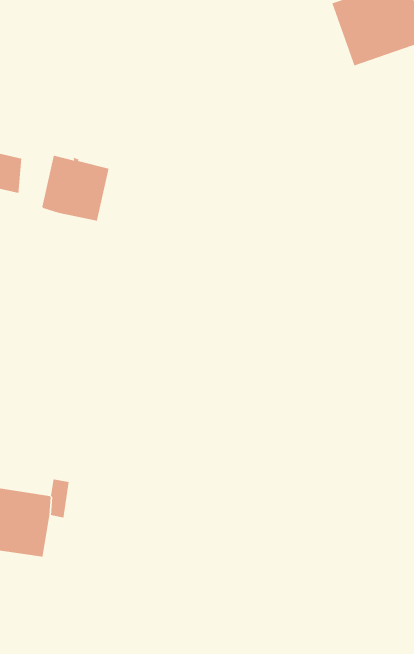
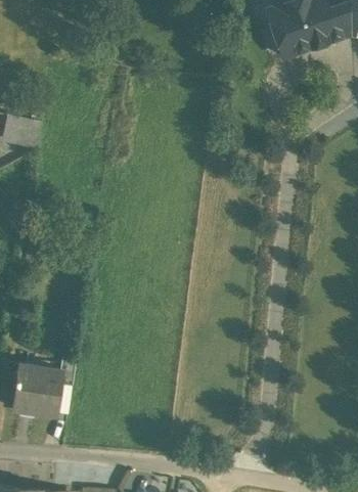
building: [42,155,109,221] -> none

